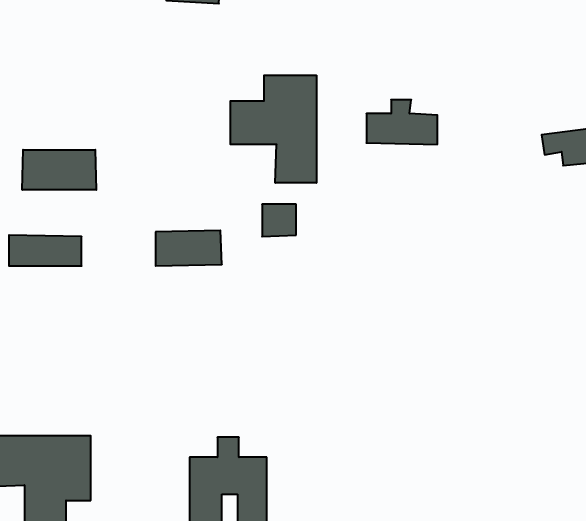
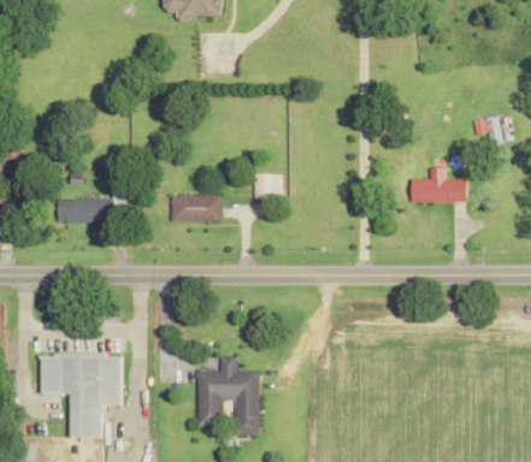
building: [230,75,316,183] -> none
building: [366,100,437,144] -> [409,168,465,203]
building: [22,150,96,190] -> none

